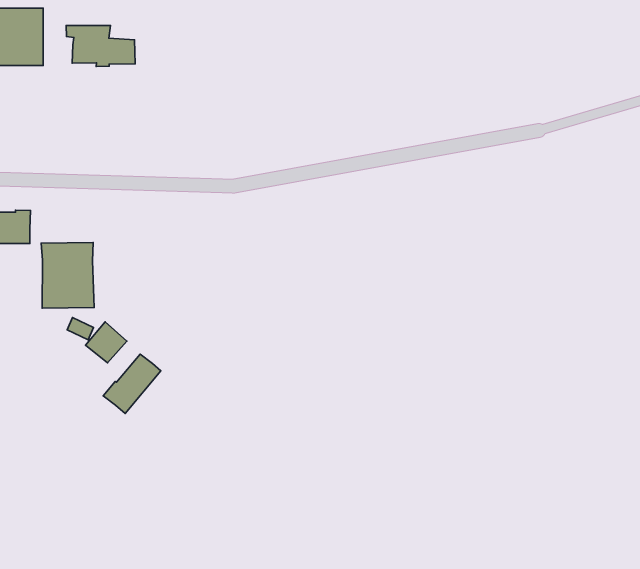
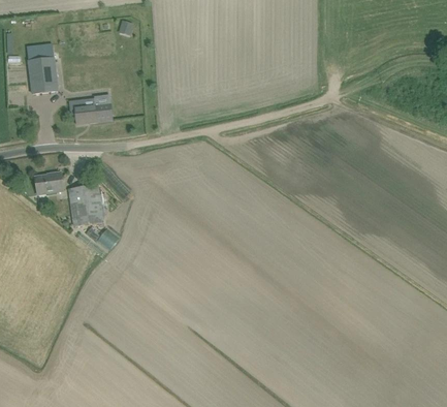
building: [66,25,135,66] -> [69,98,110,122]
building: [103,354,161,413] -> none

